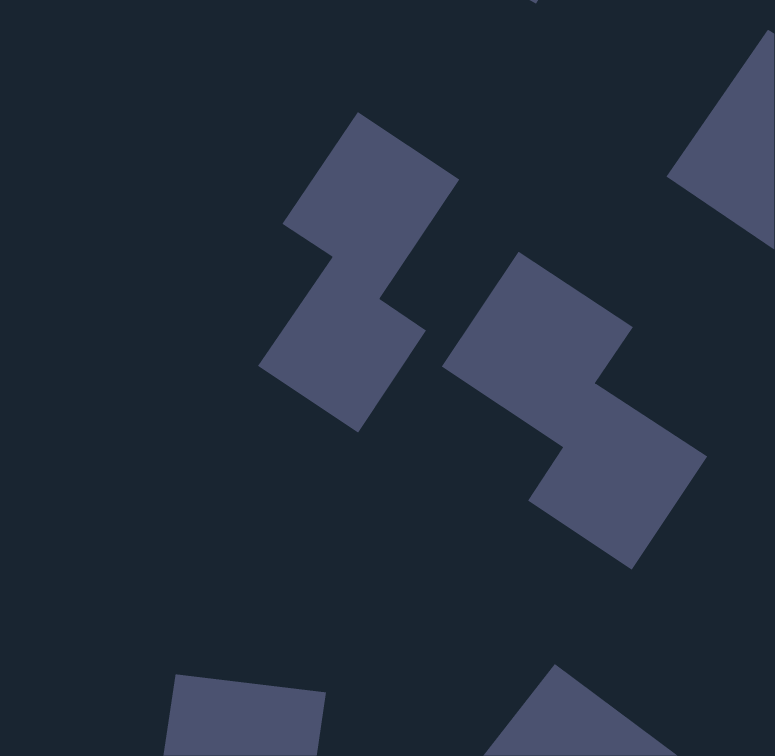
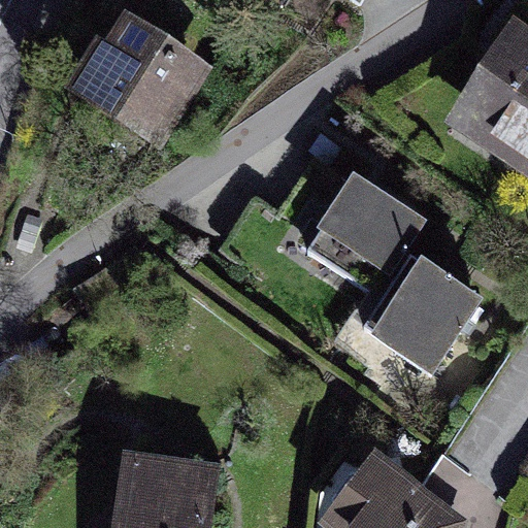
building: none -> [85,11,221,135]
building: [257,111,460,433] -> none

